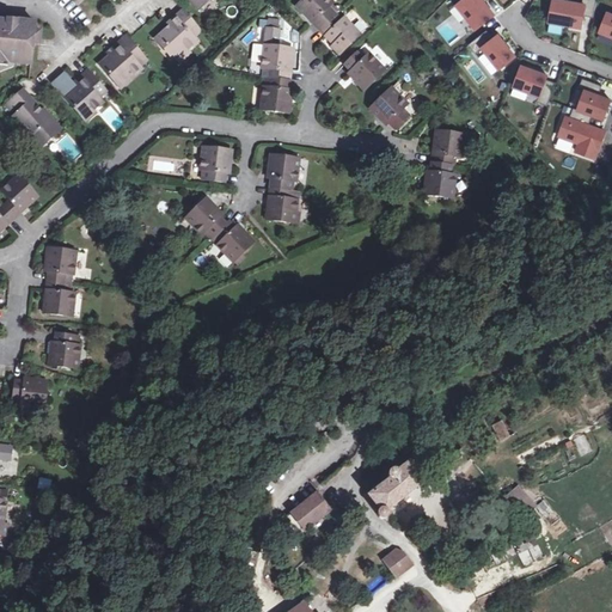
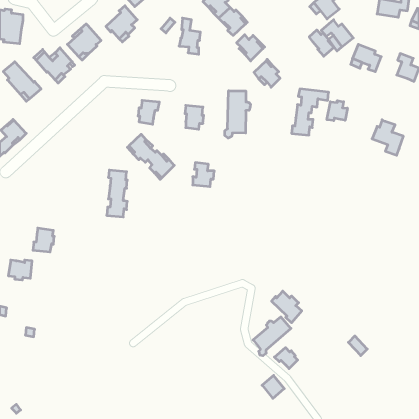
building: none -> [309,30,334,56]
building: [262,76,290,112] -> none
building: [558,106,604,158] -> [372,120,403,155]
building: none -> [225,91,250,138]
building: none -> [327,101,347,121]
building: [267,185,298,220] -> [193,163,214,187]
building: [44,246,74,314] -> [107,170,127,217]
building: none -> [272,291,302,323]
building: [290,490,330,528] -> none
building: none -> [274,348,298,369]

